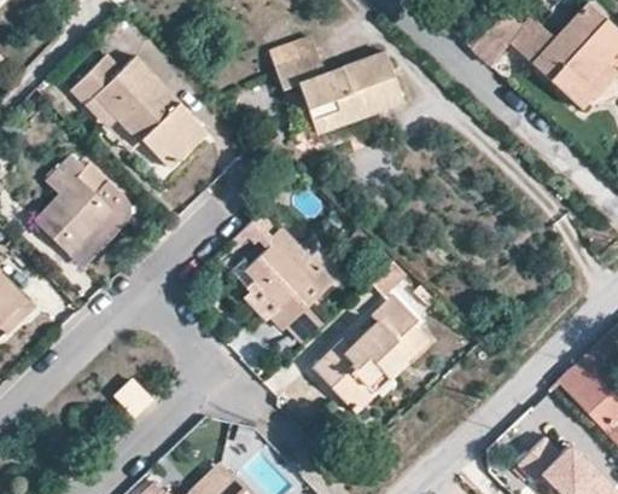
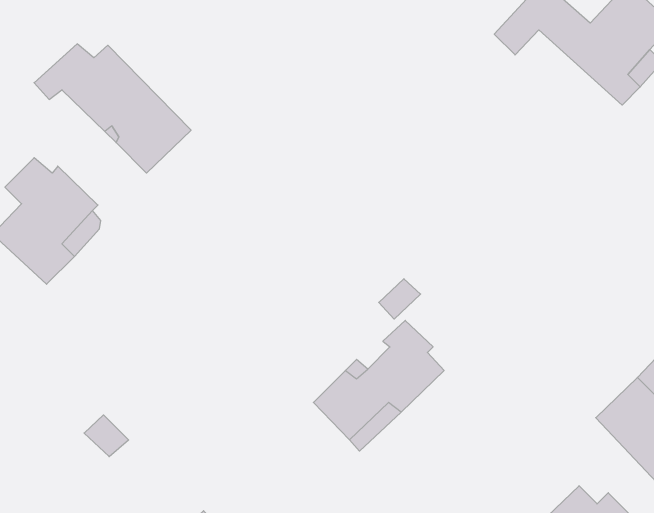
building: [269,36,404,134] -> none
building: [235,227,333,331] -> none

